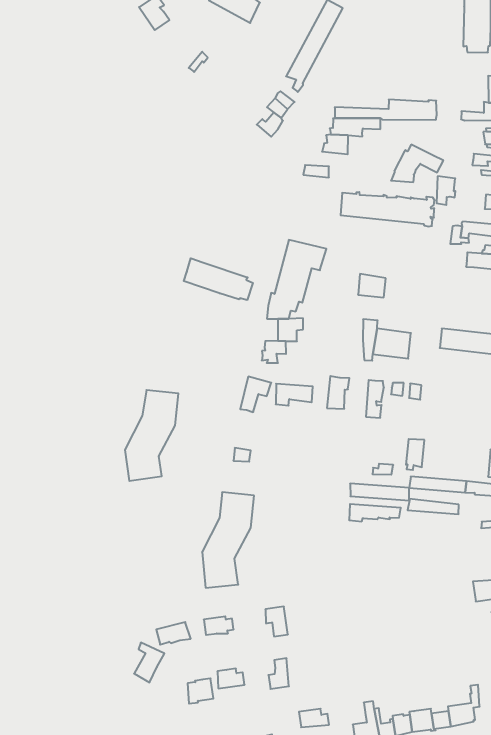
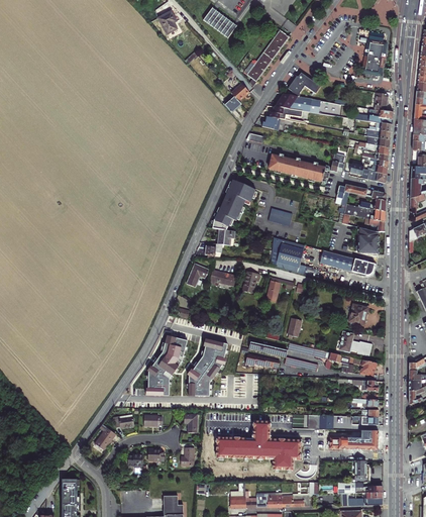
building: [391,145,443,182] -> [285,73,320,97]
building: [184,258,253,300] -> none
building: [125,390,178,481] -> [189,339,228,396]
building: none -> [217,422,302,471]

